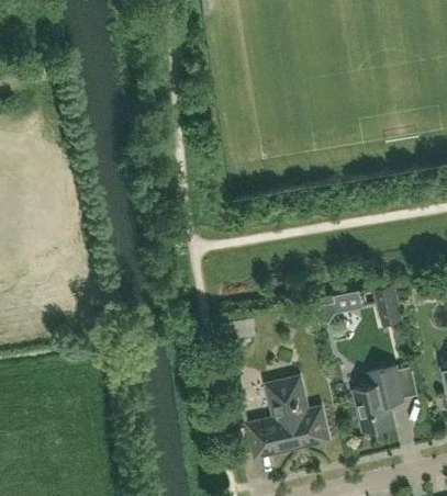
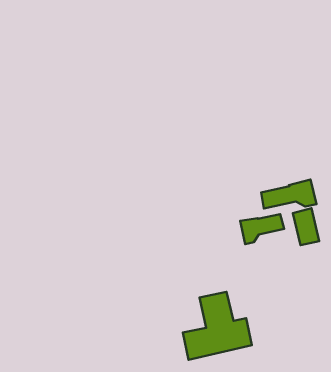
building: none -> [261,179,316,208]
building: [354,365,402,430] -> none

